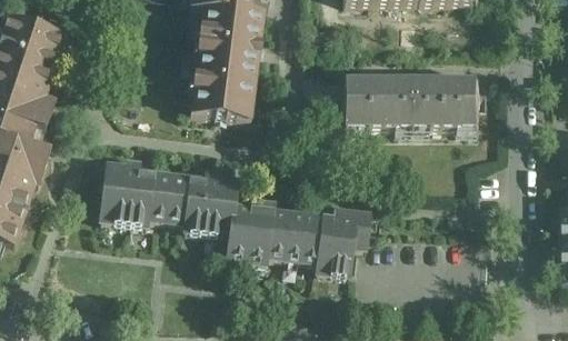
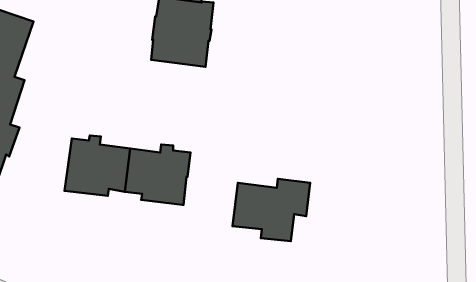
building: [189,76,253,120] -> none
building: [342,79,478,128] -> none
building: [225,198,289,263] -> none

